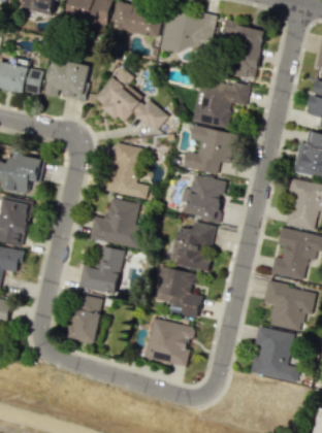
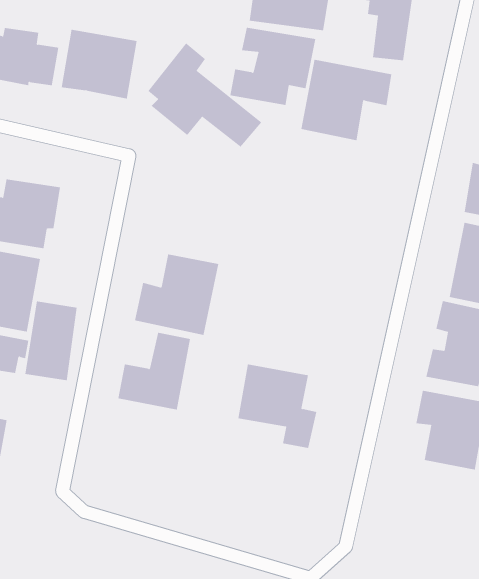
building: [182,126,235,174] -> [230,27,316,106]
building: [106,143,148,198] -> none
building: [184,174,226,222] -> none
building: [169,222,215,271] -> none
building: [69,294,102,343] -> [24,301,78,381]
building: [144,318,194,367] -> none
building: [251,327,298,382] -> none

